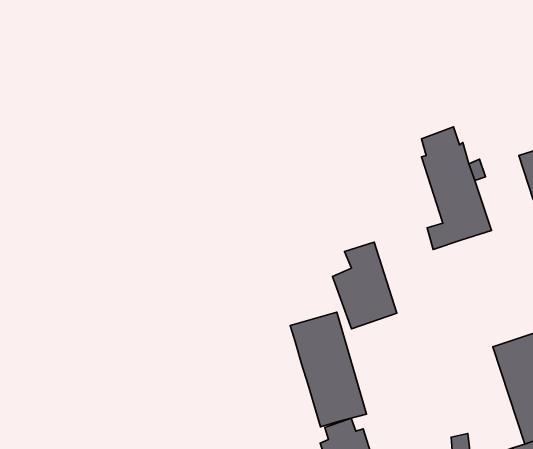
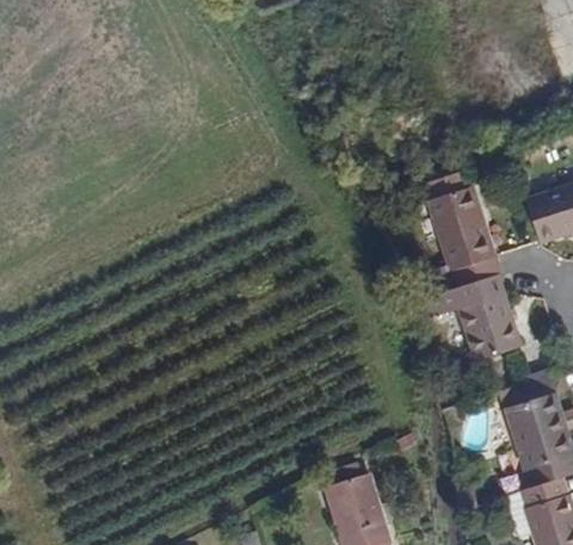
building: [333,242,397,329] -> [456,274,520,361]
building: [290,312,366,427] -> none

